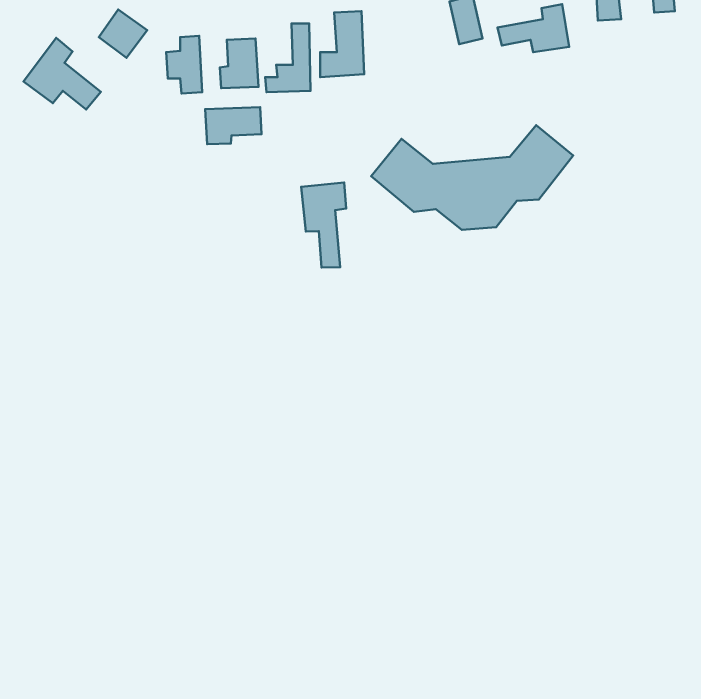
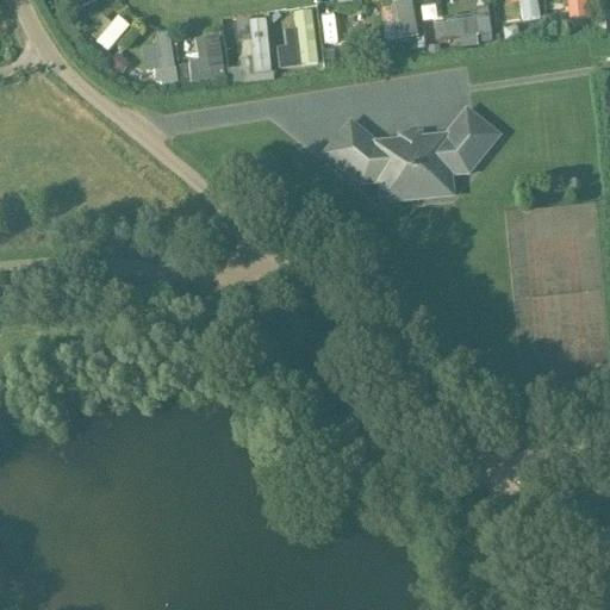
building: [23,38,101,109] -> none
building: [205,107,262,144] -> none
building: [301,182,346,268] -> none

